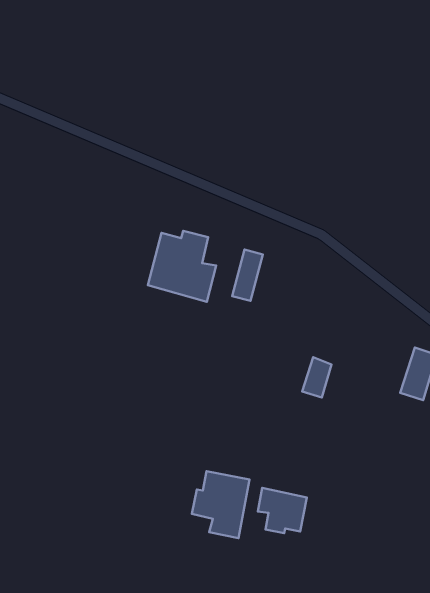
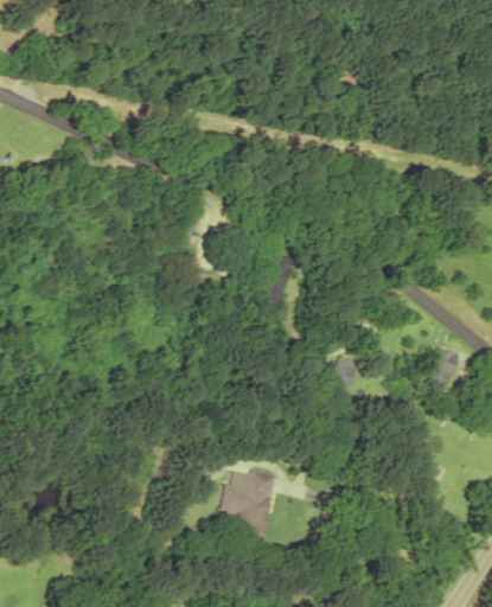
building: [148,231,216,302] -> none
building: [258,488,307,533] -> none

